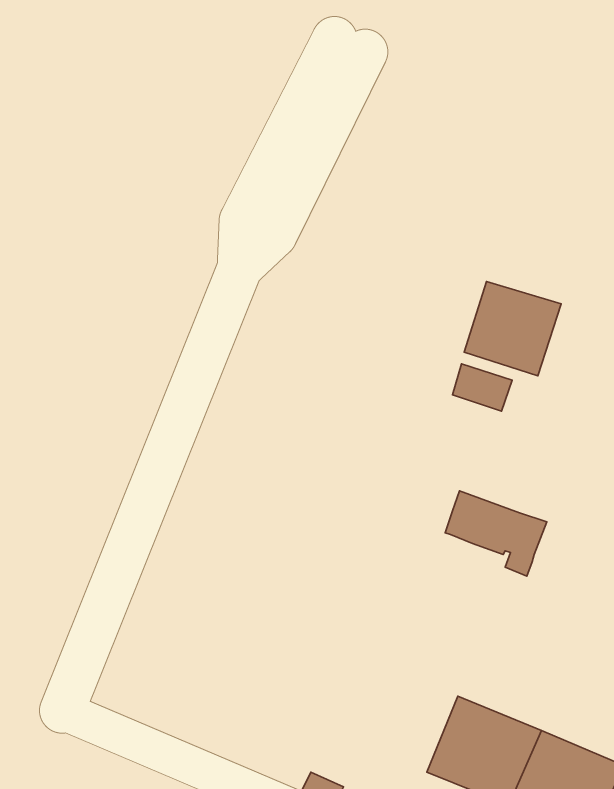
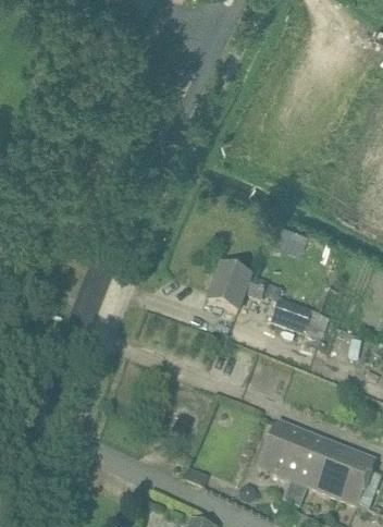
building: [464,281,561,376] -> none
building: none -> [208,265,265,310]

